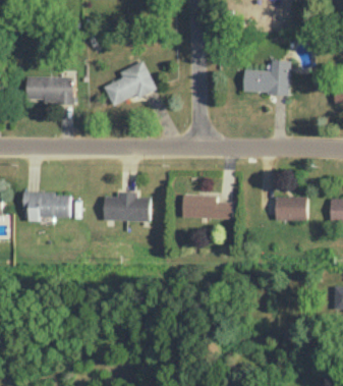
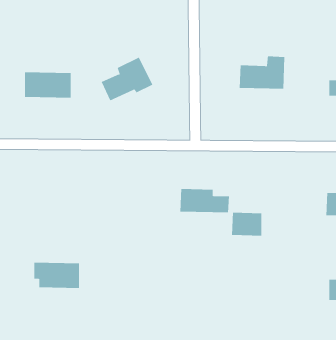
building: [103,190,150,220] -> none
building: [22,191,69,218] -> [33,262,80,288]
building: [275,196,306,220] -> [231,212,262,236]

